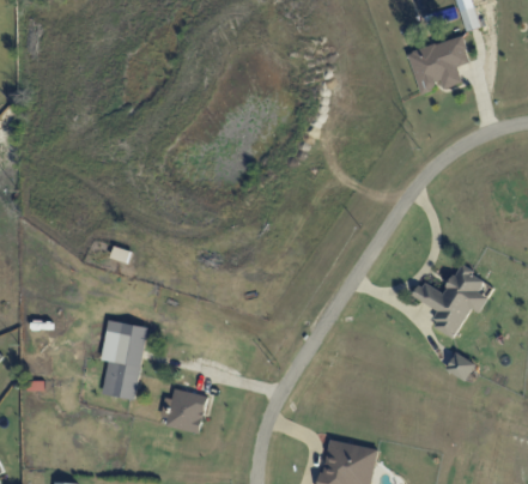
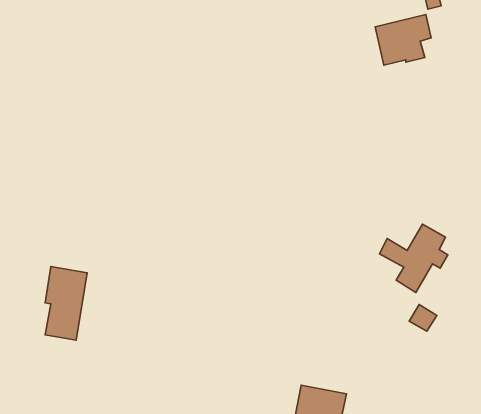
building: [102,319,147,399] -> [45,266,87,340]
building: [160,388,207,432] -> none

